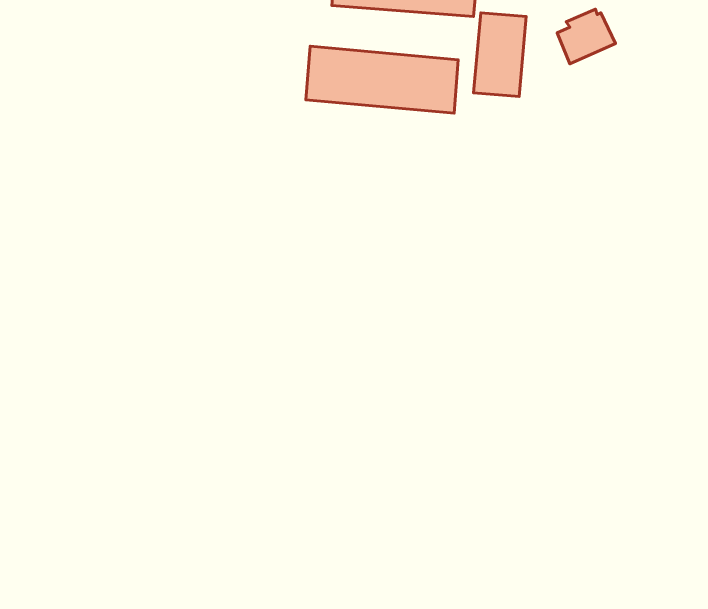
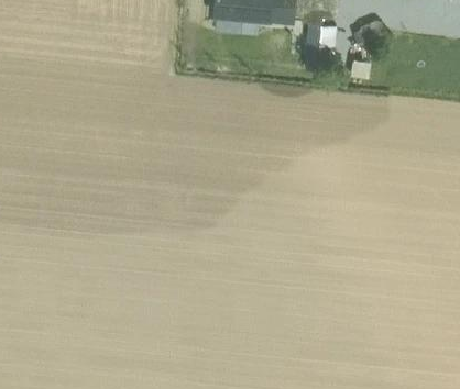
building: [306,46,458,113] -> none

